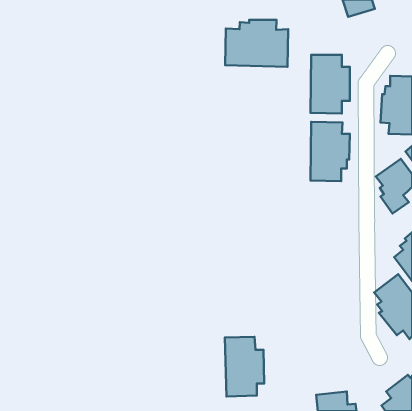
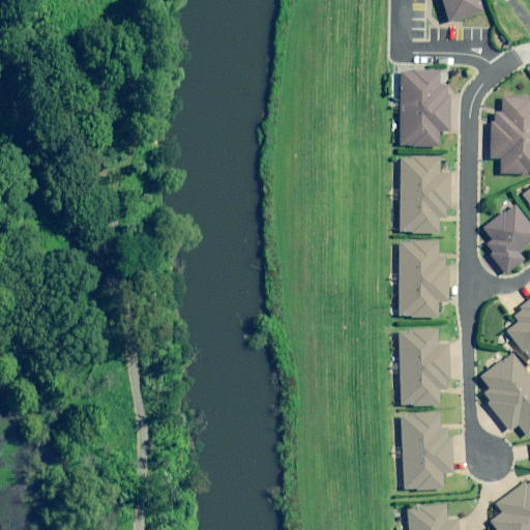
building: [225,20,288,67] -> none
building: none -> [398,241,448,316]
building: none -> [398,329,448,405]
building: [225,337,264,396] -> [401,412,451,489]

